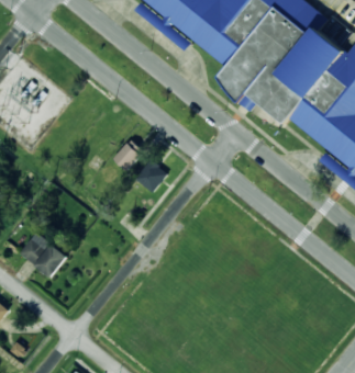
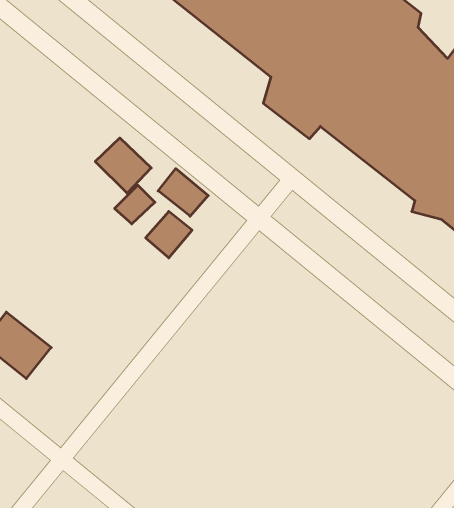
building: none -> [95,138,151,193]
building: none -> [158,169,208,216]

